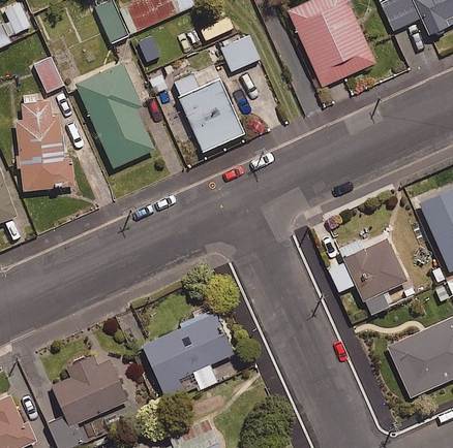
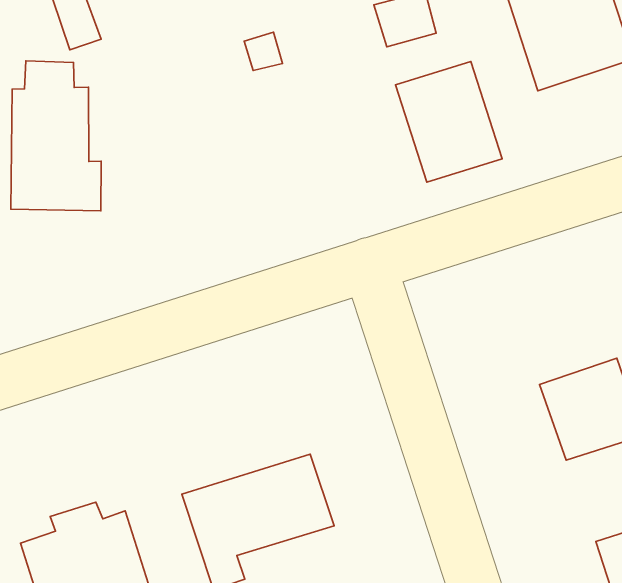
building: [74,61,155,167] -> none
building: [178,78,245,152] -> [396,62,502,182]

